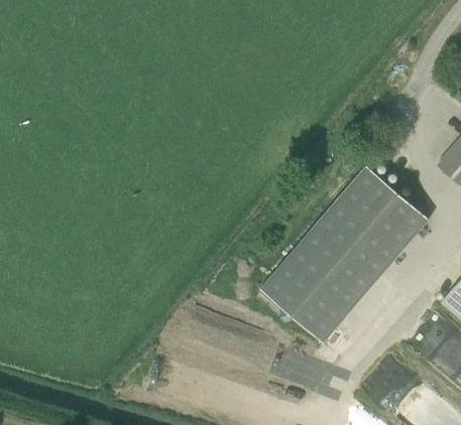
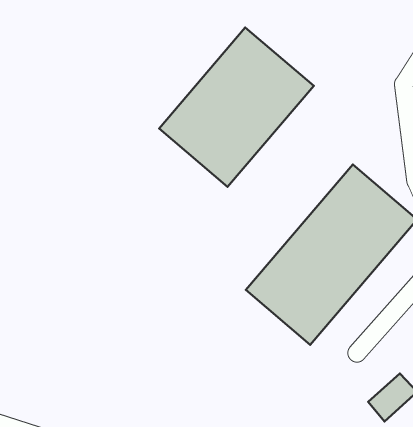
building: none -> [159,28,314,187]

